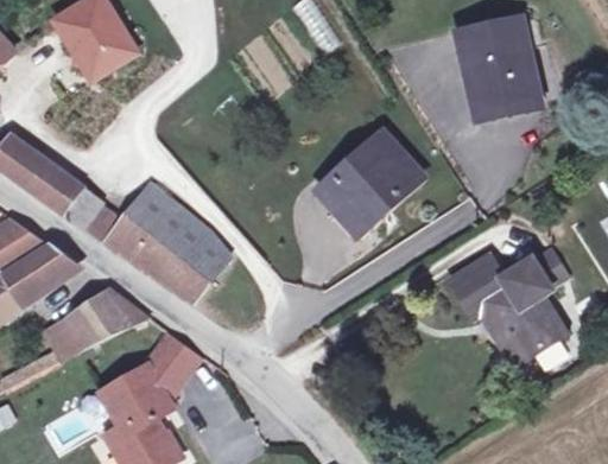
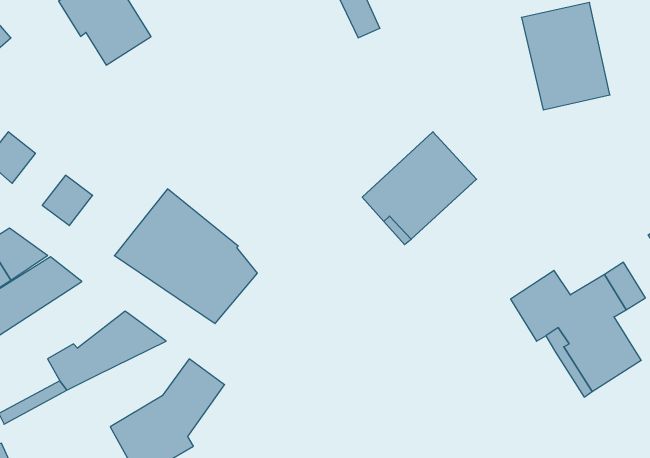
building: [14,153,61,198] -> none
building: [64,190,122,242] -> none

